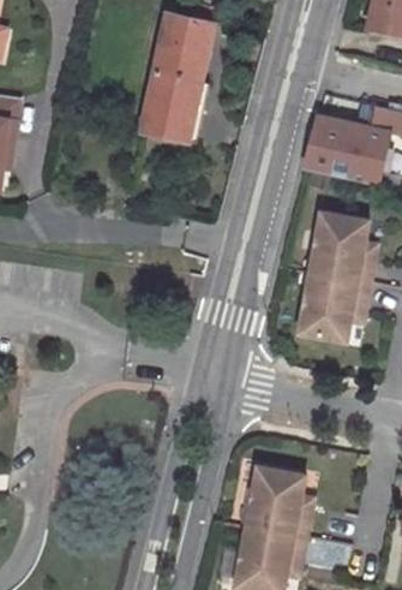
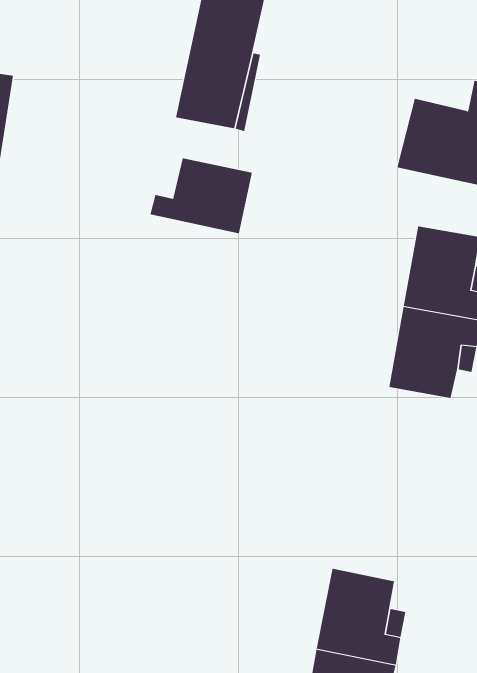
building: none -> [150,158,252,234]

